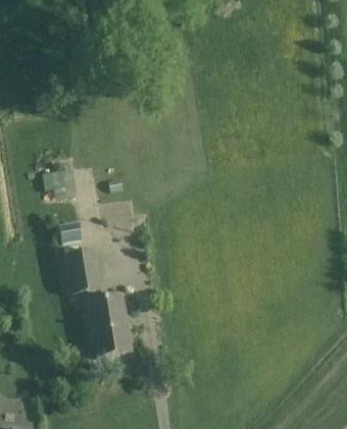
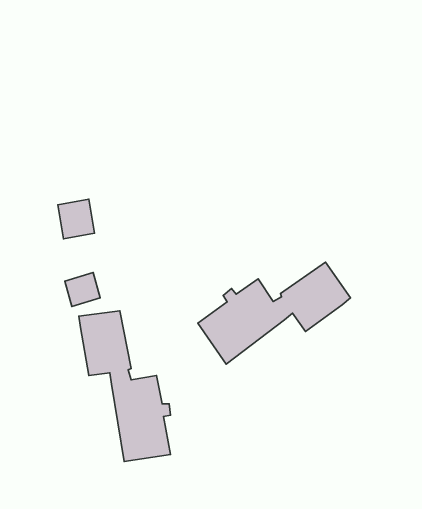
building: none -> [198,262,350,364]

